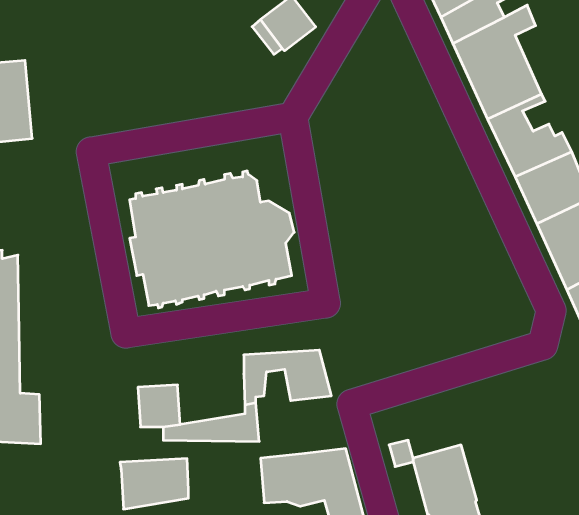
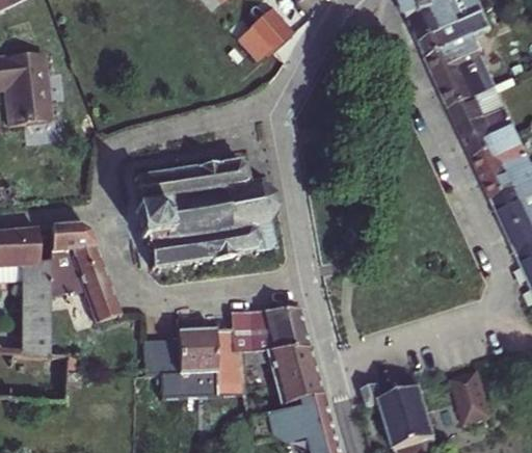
building: none -> [41,217,111,315]
building: none -> [246,348,324,402]
building: none -> [453,373,491,424]
building: [120,459,188,509] -> [178,329,237,373]

